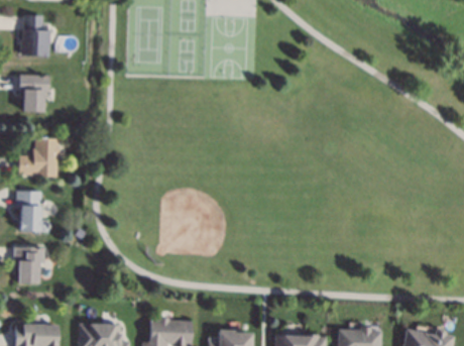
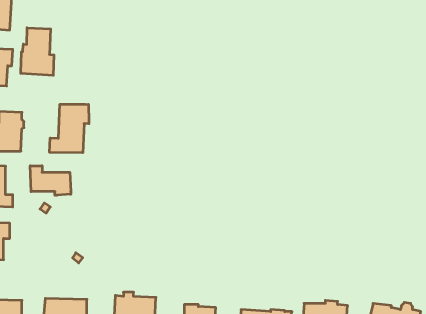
building: none -> [21,28,54,75]
building: none -> [50,104,89,153]
building: none -> [30,166,71,195]

